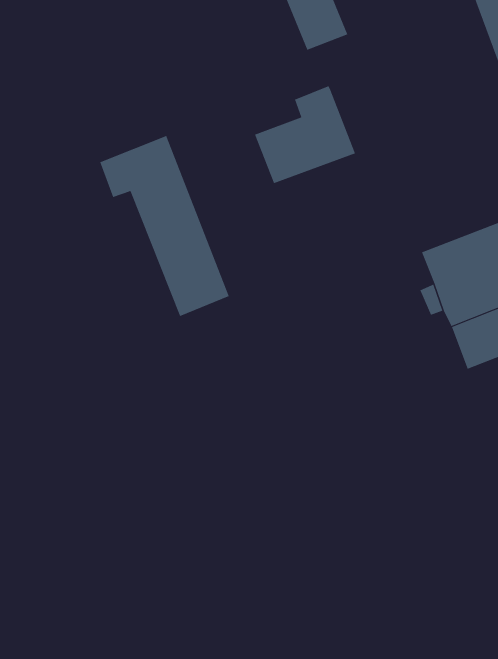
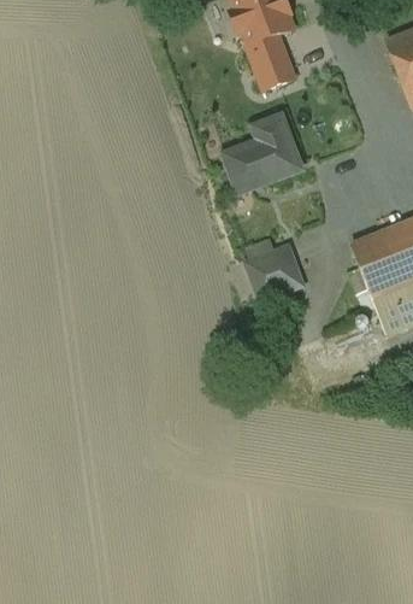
building: [100,135,230,317] -> none
building: none -> [246,240,302,299]

